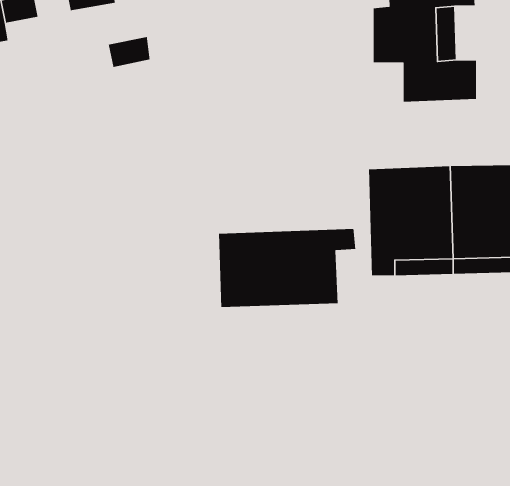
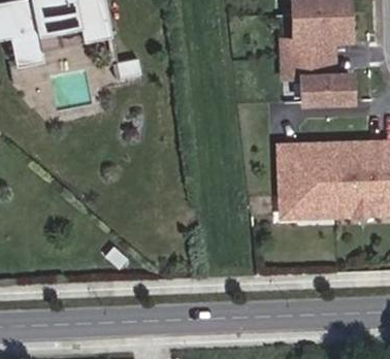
building: [218,228,356,308] -> none

